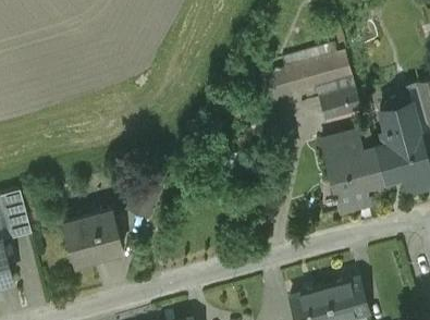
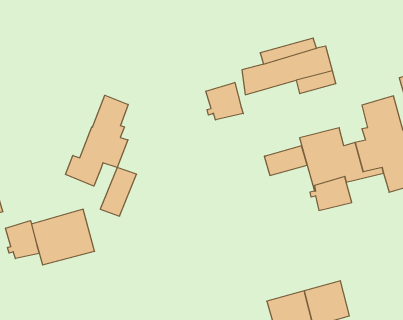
building: none -> [206,82,243,120]
building: [319,91,360,120] -> [264,146,307,175]
building: none -> [66,95,128,186]
building: none -> [6,221,39,259]

